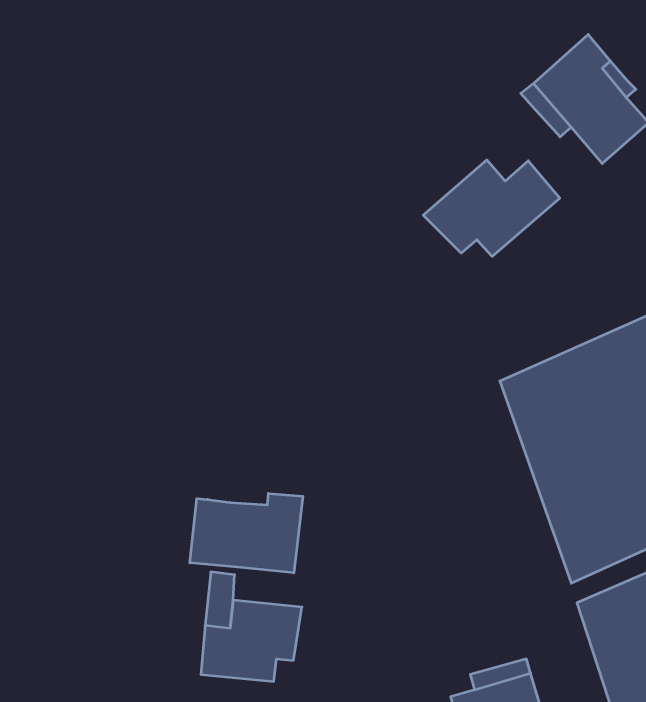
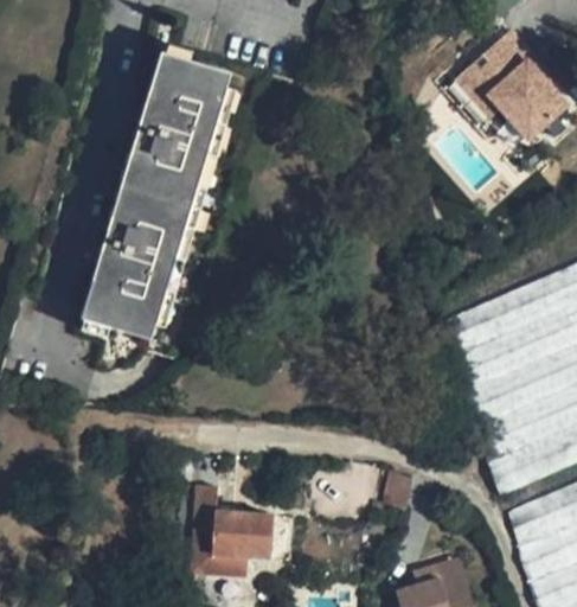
building: none -> [77,52,232,340]
building: [423,160,560,256] -> none
building: [190,493,303,573] -> none

